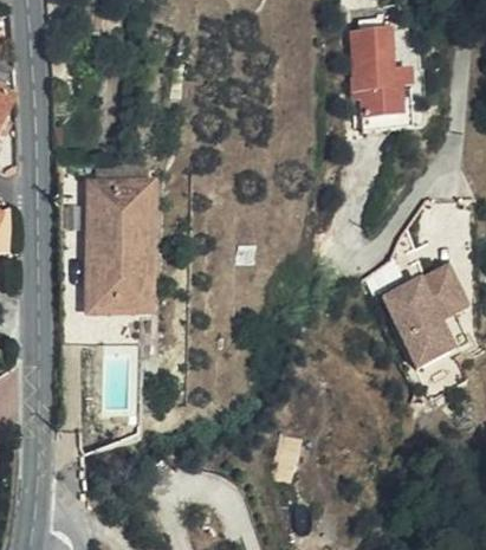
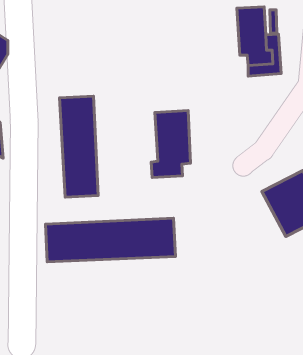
building: none -> [151,111,191,177]
building: none -> [45,218,175,262]

